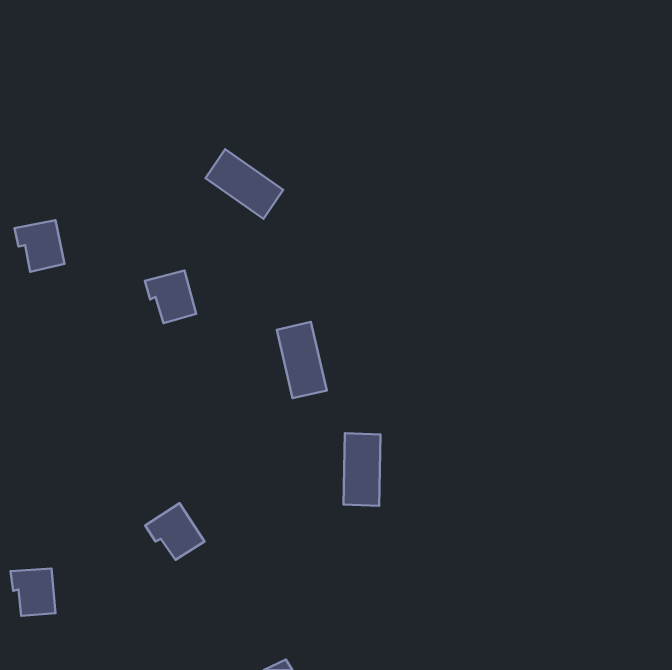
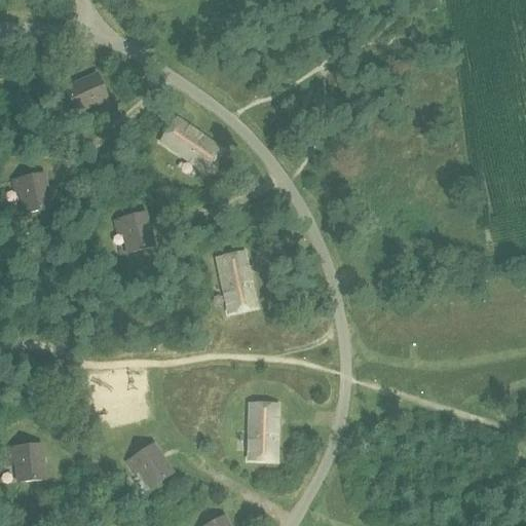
building: none -> [64,72,109,110]
building: [344,433,380,506] -> [248,402,276,458]
building: [145,503,204,560] -> [125,442,172,486]

